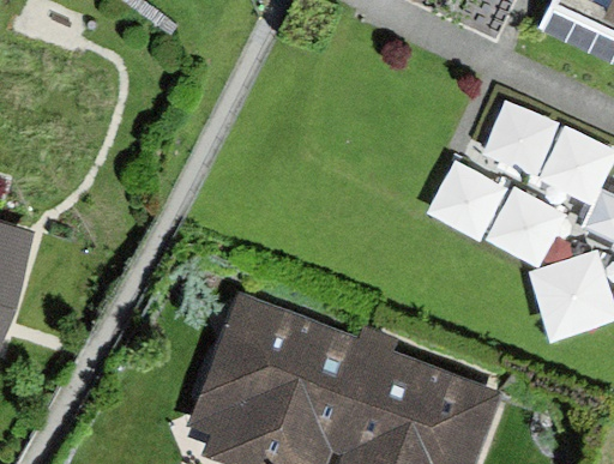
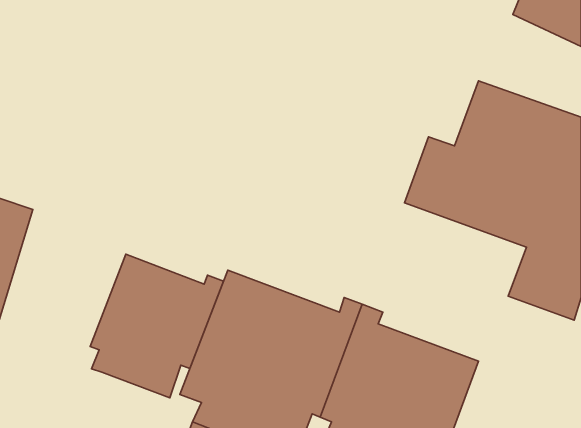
building: none -> [90,254,224,398]

